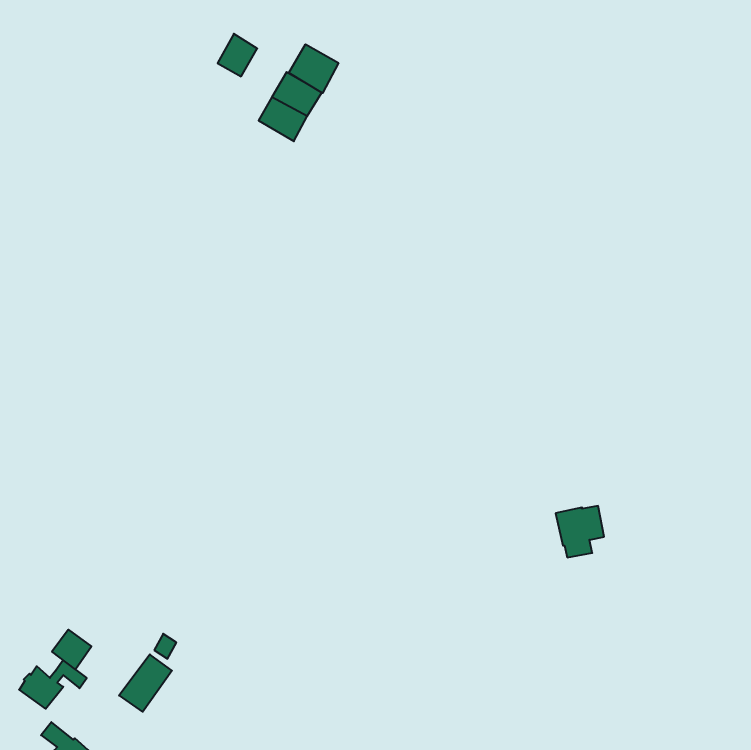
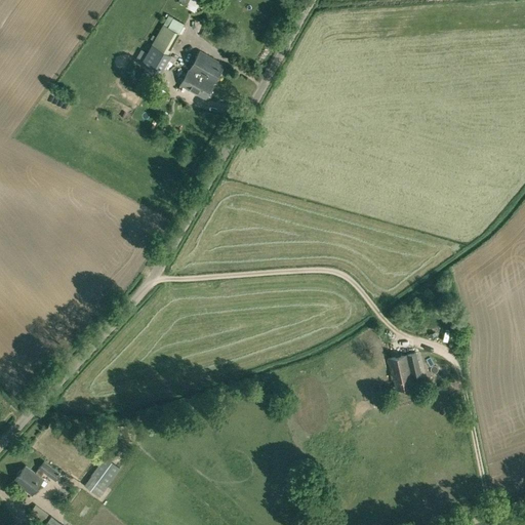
building: [289,44,338,93] -> none
building: none -> [140,45,171,77]
building: [52,630,91,670] -> none

